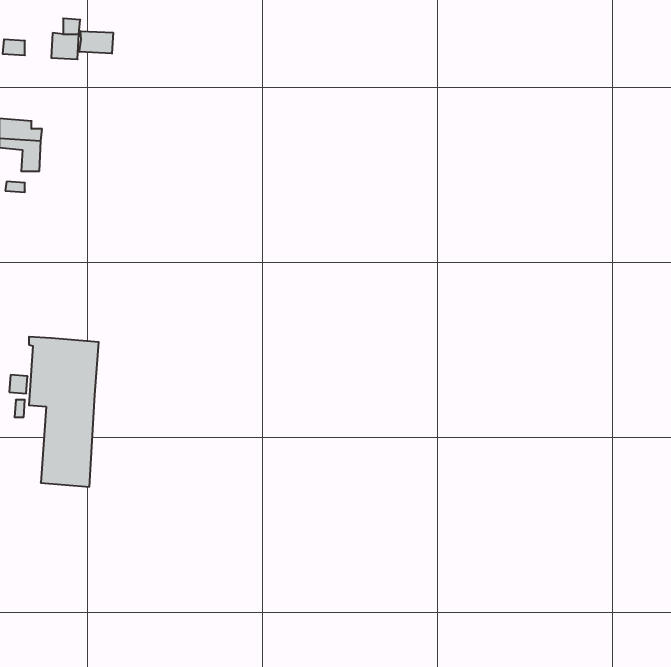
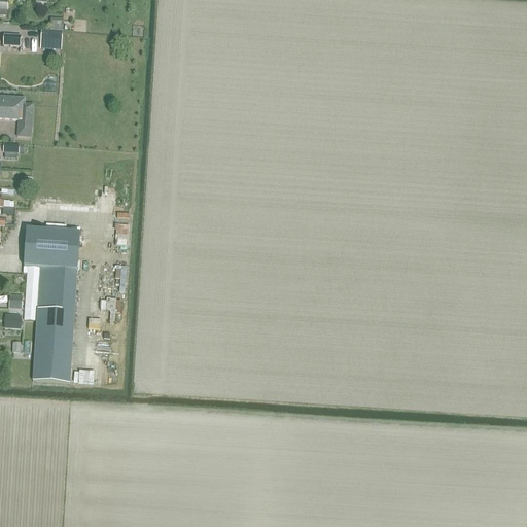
building: [80,31,113,54] -> none
building: none -> [23,226,79,268]

